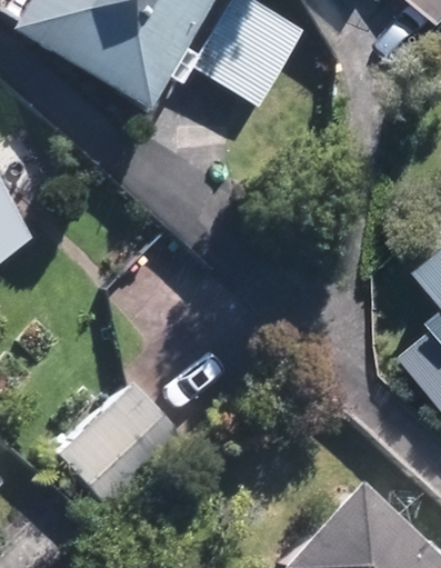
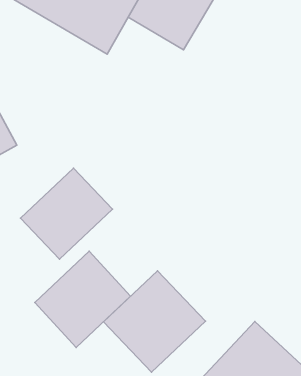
building: none -> [21,168,112,259]
building: none -> [103,271,205,372]

